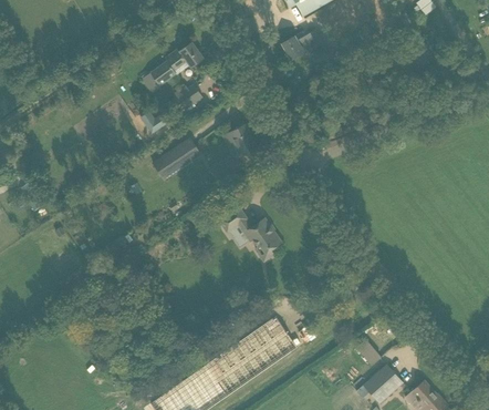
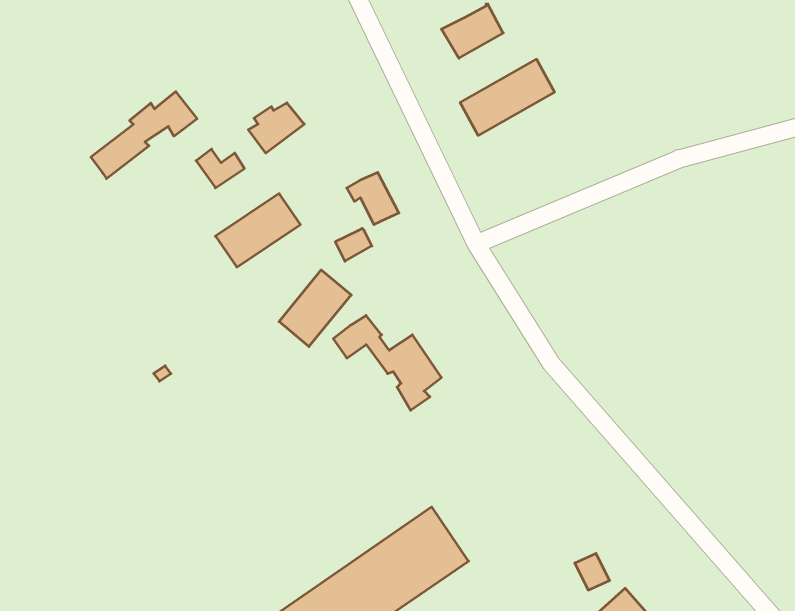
building: [143,42,204,92] -> [91,92,197,179]
building: none -> [460,59,554,135]
building: none -> [279,270,351,347]

